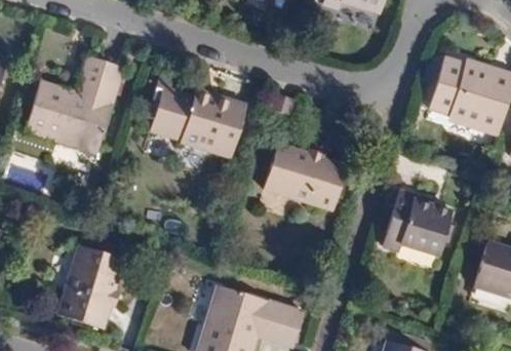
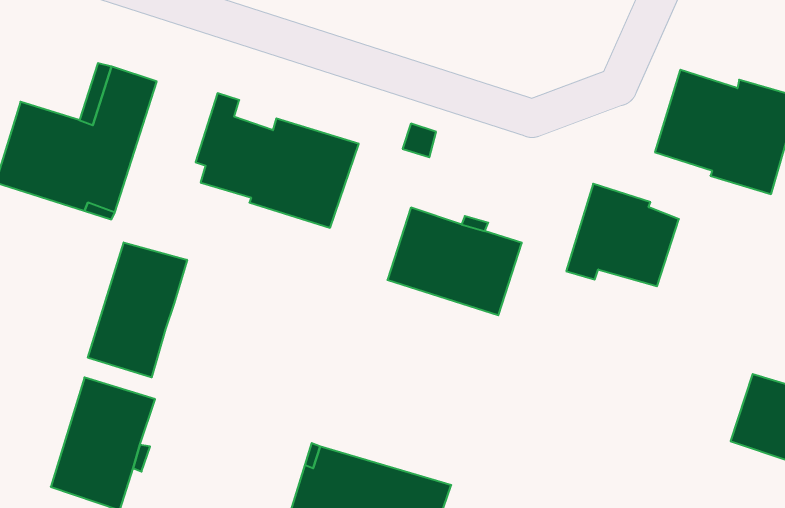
building: none -> [88,242,187,377]
building: [380,193,448,256] -> [566,184,679,286]

